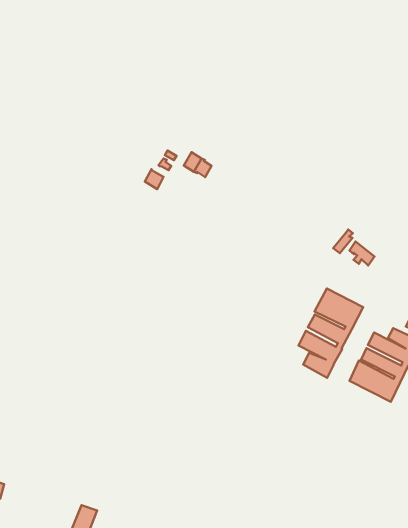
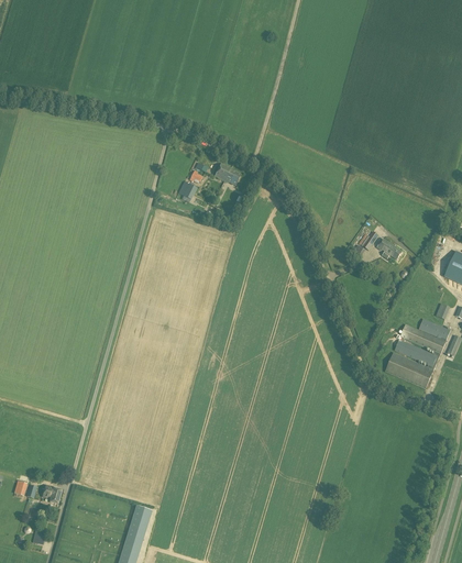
building: [299,289,363,378] -> none

